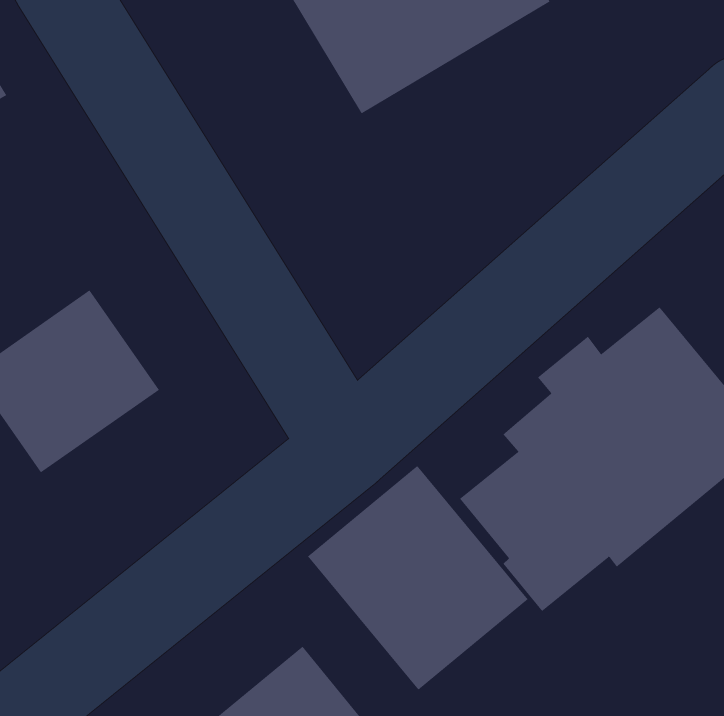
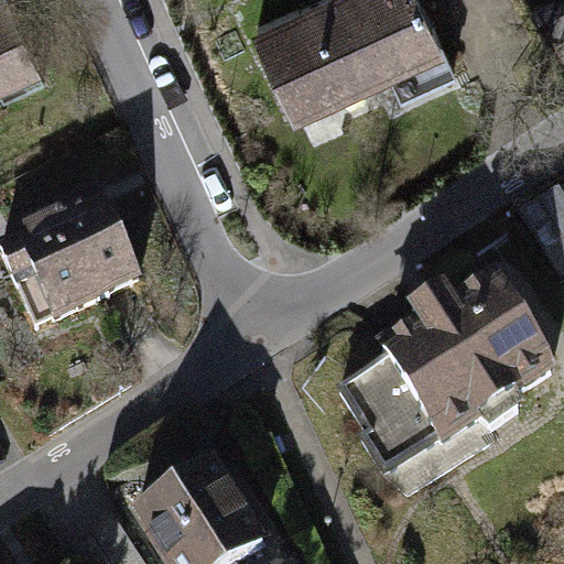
building: [307,465,528,691] -> none

